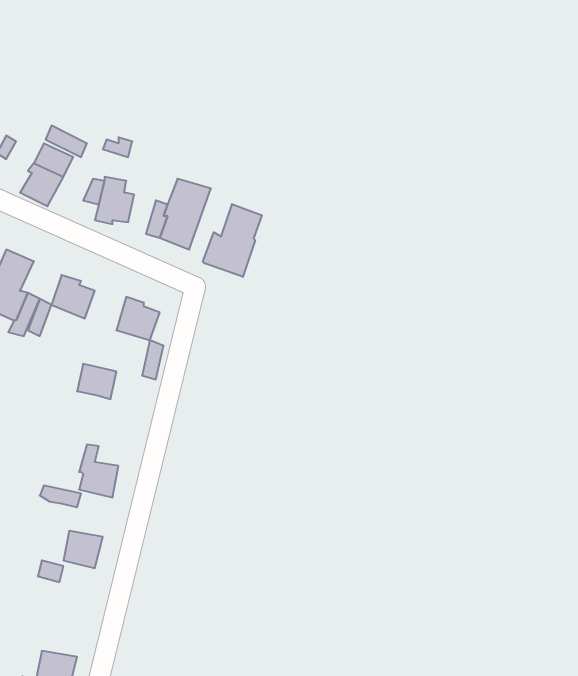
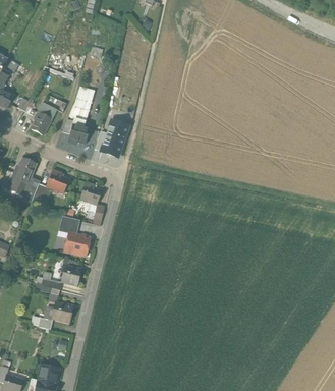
building: [203,204,262,277] -> none
building: none -> [64,232,89,255]

